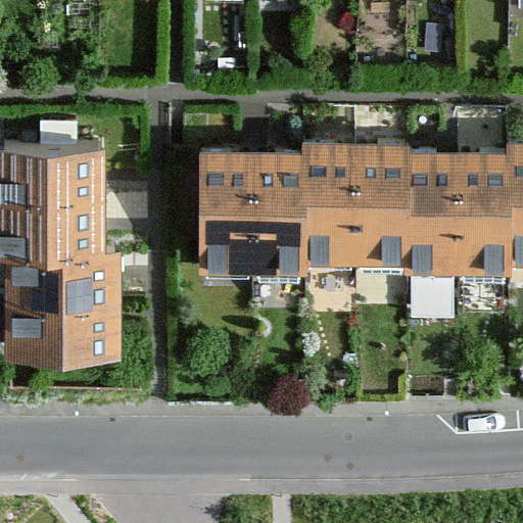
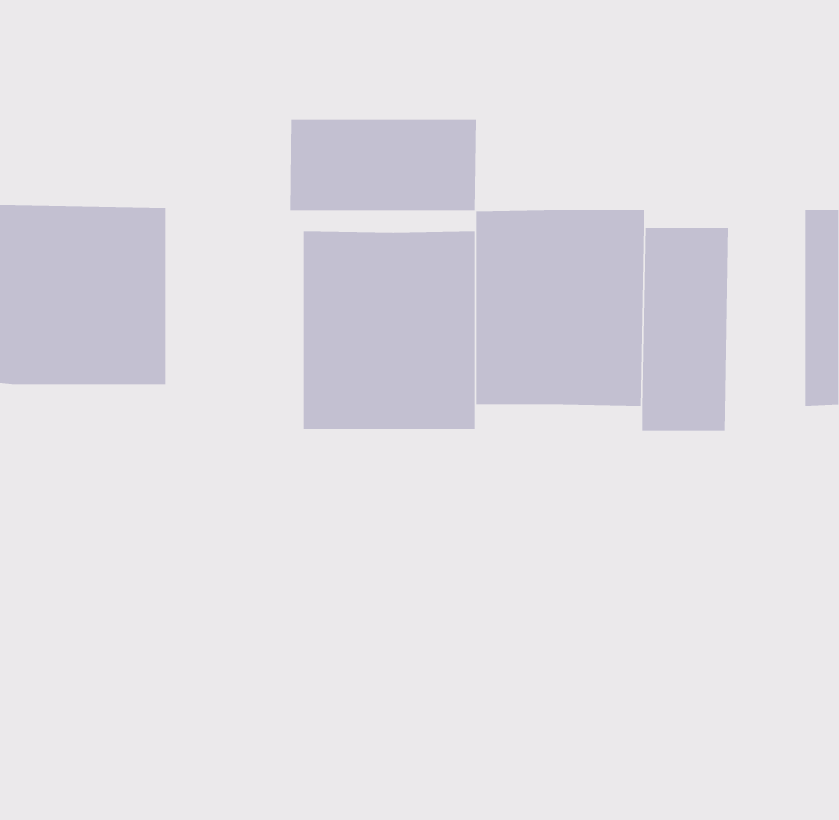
building: none -> [289,119,477,211]
building: [450,154,500,281] -> none
building: [9,252,125,351] -> none

